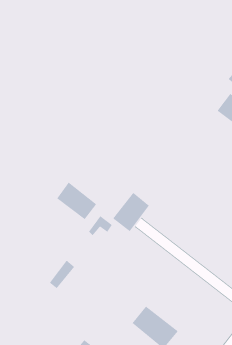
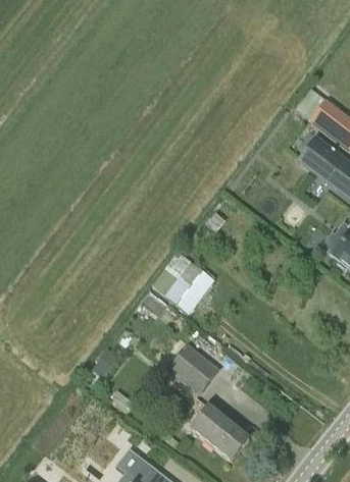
building: [56,182,97,220] -> none
building: none -> [168,344,217,392]

